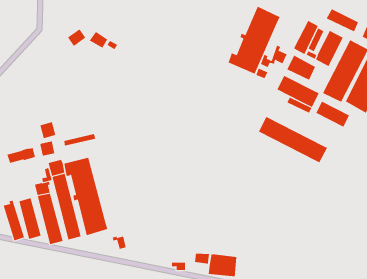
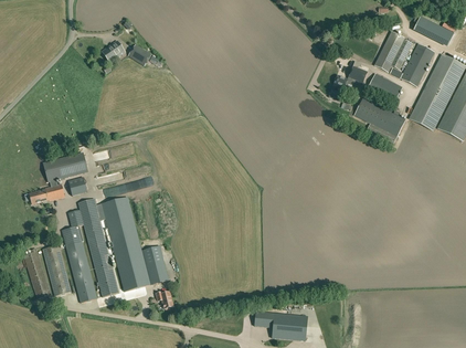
building: [228,6,281,75] -> none
building: [315,101,350,127] -> none
building: [258,116,328,163] -> none
building: none -> [43,157,72,186]
building: none -> [141,244,168,283]

